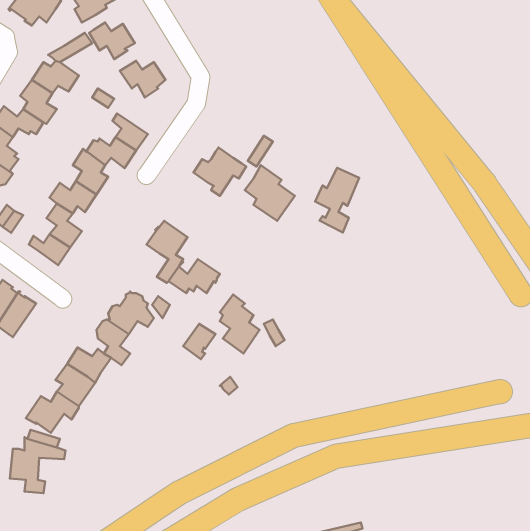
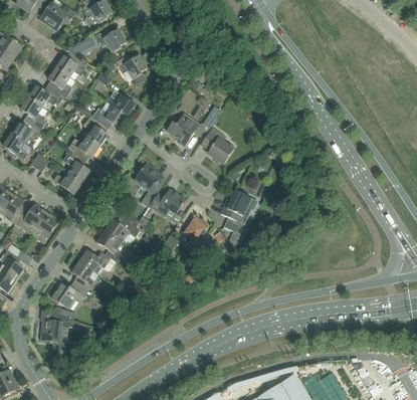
building: [315,168,359,232] -> [220,190,250,234]

